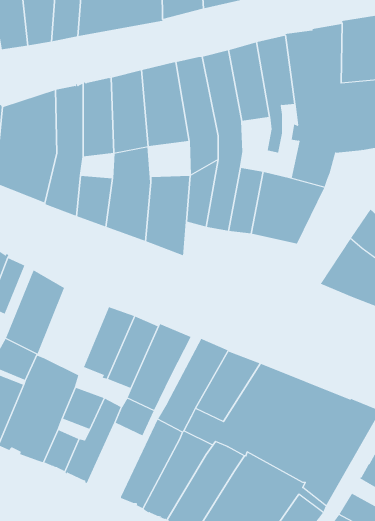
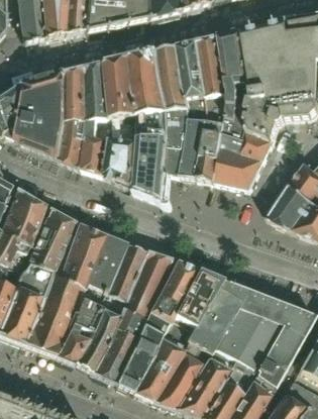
building: none -> [137,109,170,136]
building: none -> [59,223,107,288]
building: none -> [91,324,133,379]

